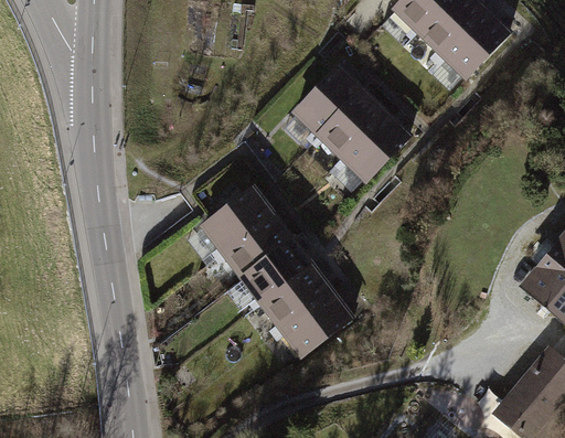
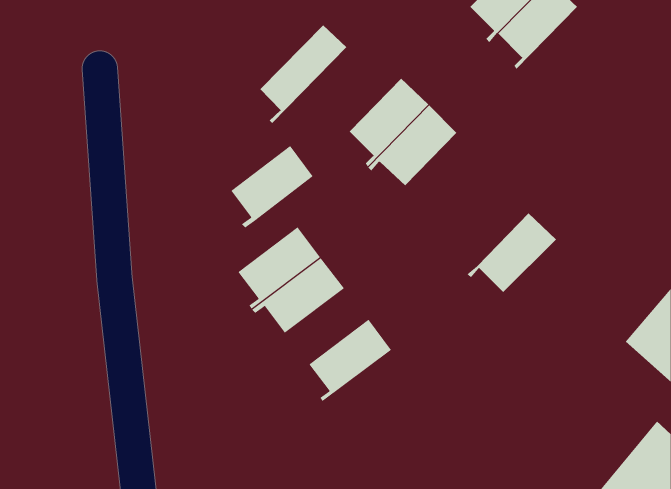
building: [433,9,507,76] -> none
building: none -> [259,24,347,124]
building: [333,113,407,179] -> [467,213,557,293]
building: [242,241,310,309] -> [230,145,313,228]
building: [273,291,350,354] -> none

